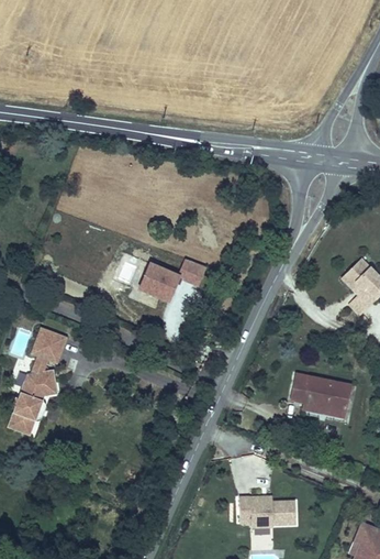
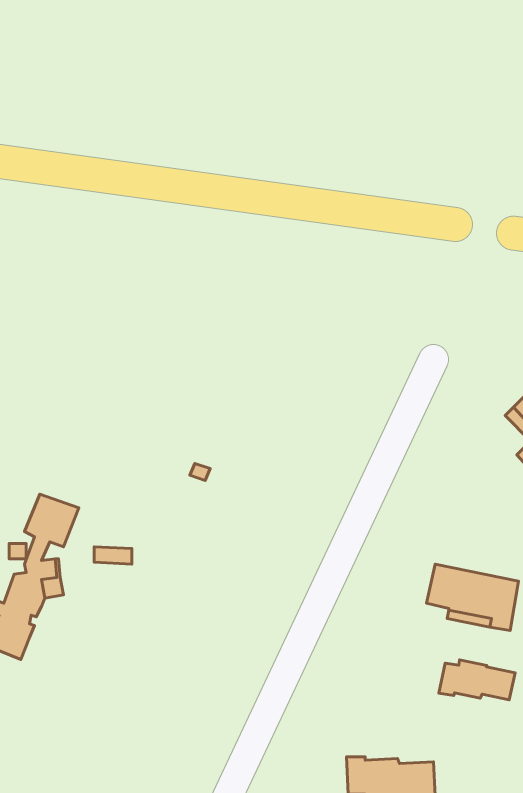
building: [139,259,205,302] -> none
building: none -> [439,660,515,700]

